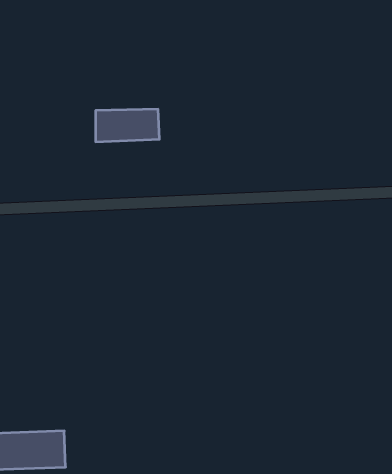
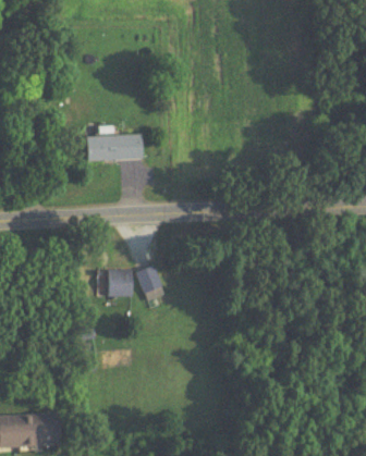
building: none -> [135,266,164,301]
building: none -> [103,269,131,297]

